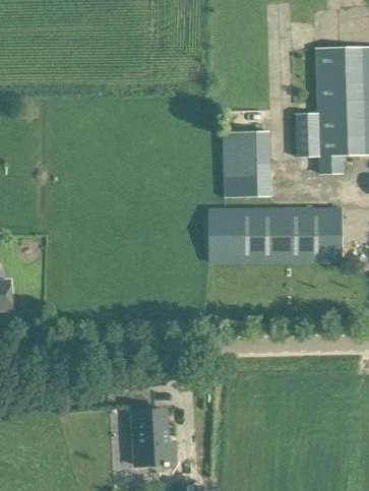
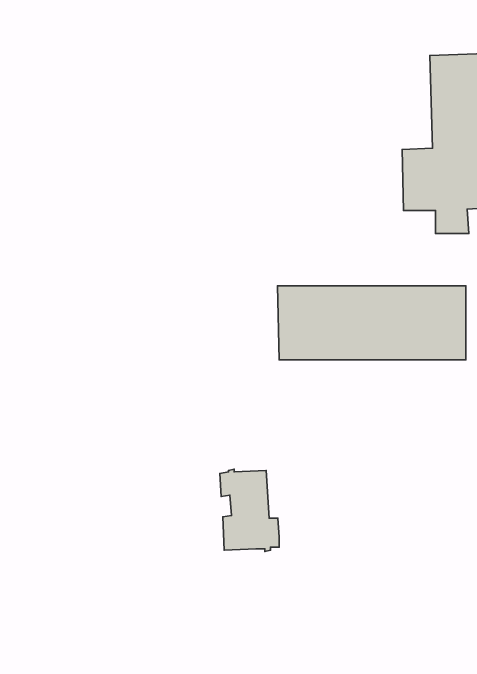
building: [223,130,270,196] -> none
building: [133,408,175,466] -> [220,469,279,552]

